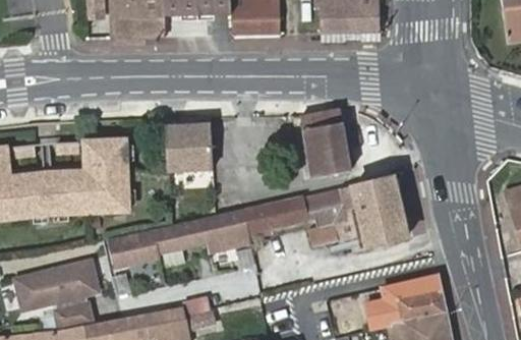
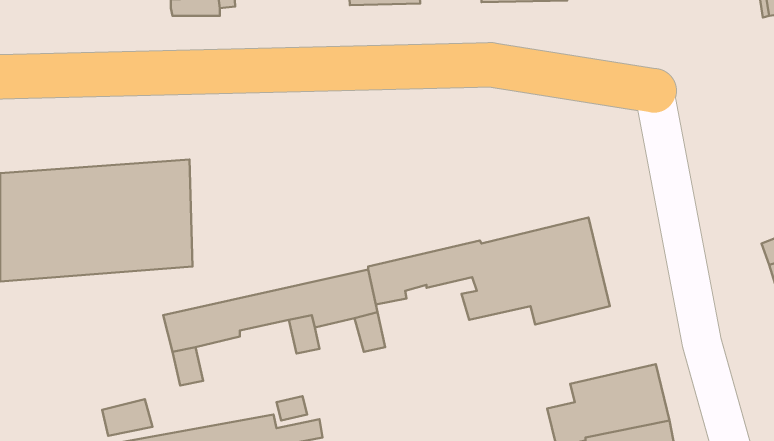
building: [300,108,350,179] -> none
building: [165,126,215,172] -> none
building: [15,259,100,308] -> none

